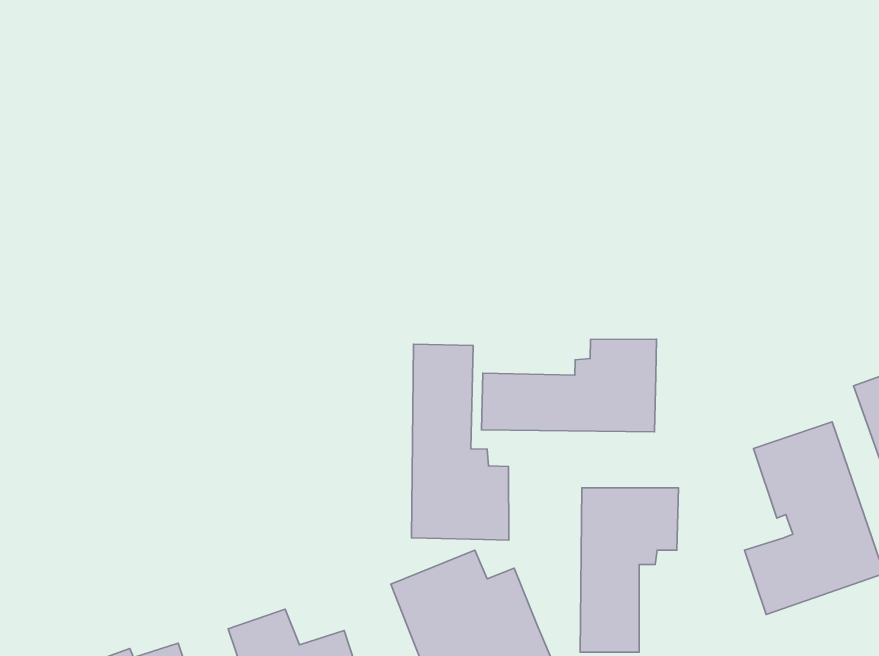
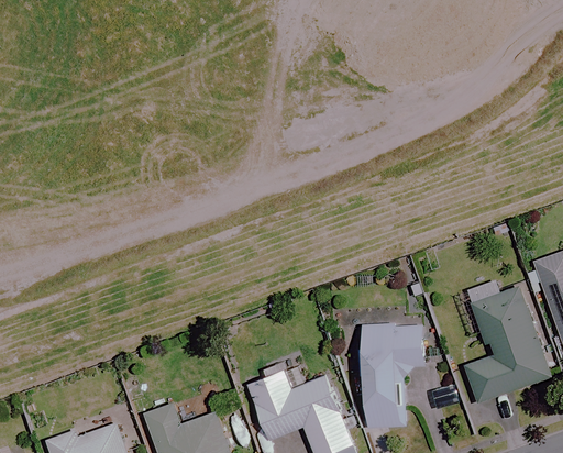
building: [481,339,657,432] -> none
building: [411,344,509,540] -> none

